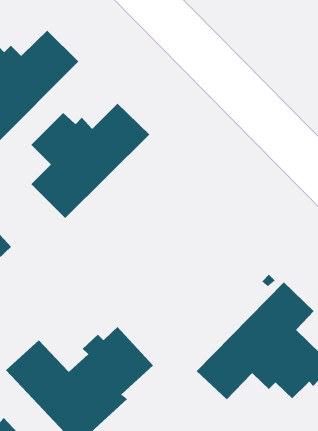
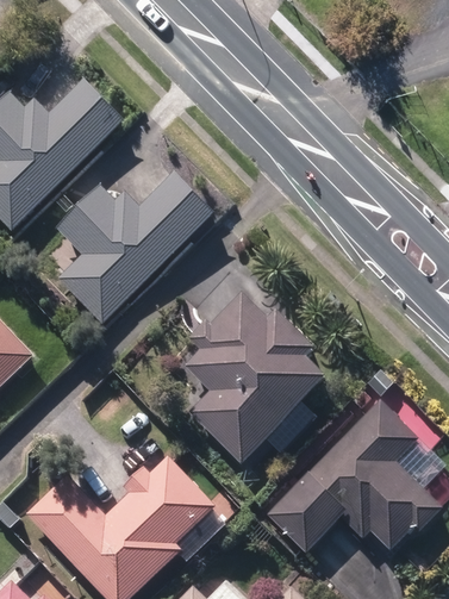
building: none -> [186,297,328,466]

